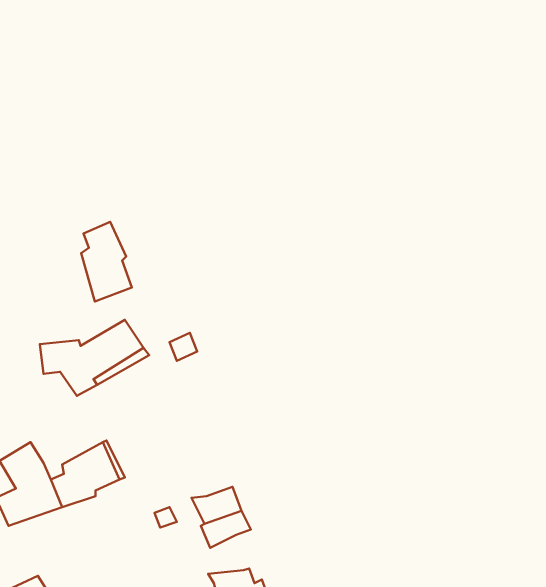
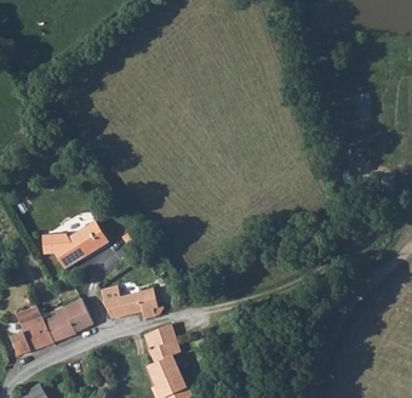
building: [81,222,132,301] -> none
building: none -> [101,286,166,319]
building: none -> [143,359,177,385]

